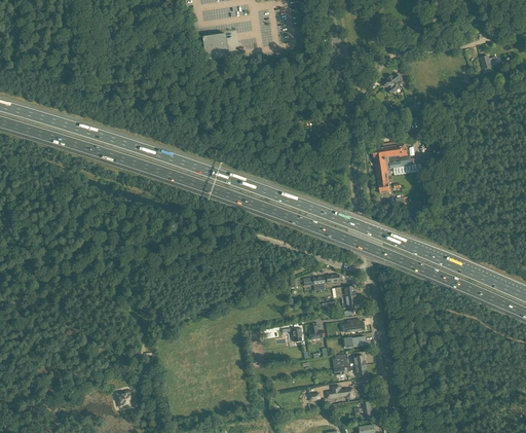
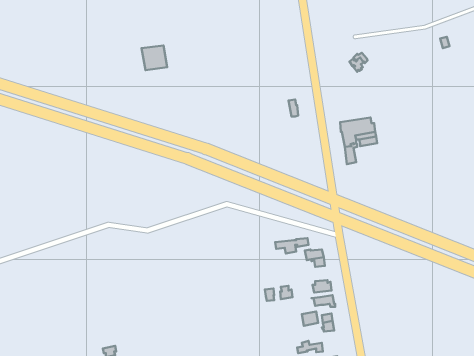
building: [201,33,229,60] -> [142,45,167,70]

